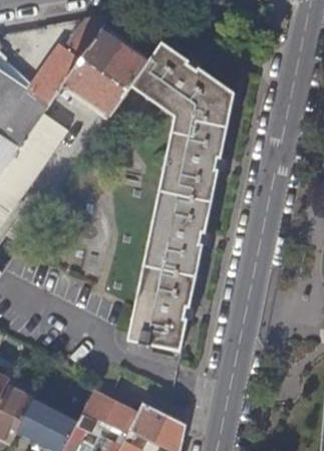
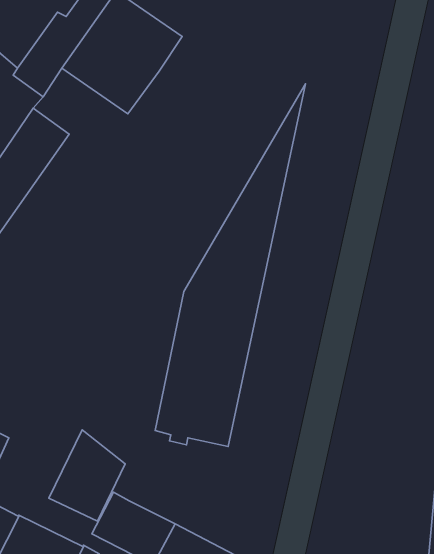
building: [131,42,235,241] -> none
building: none -> [49,430,125,521]

